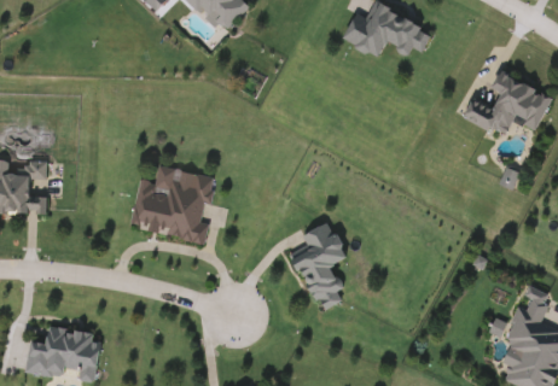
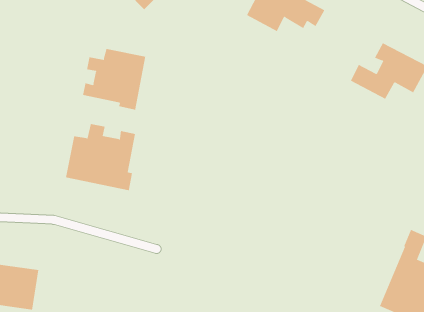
building: none -> [83,48,146,110]
building: [290,221,345,311] -> none

